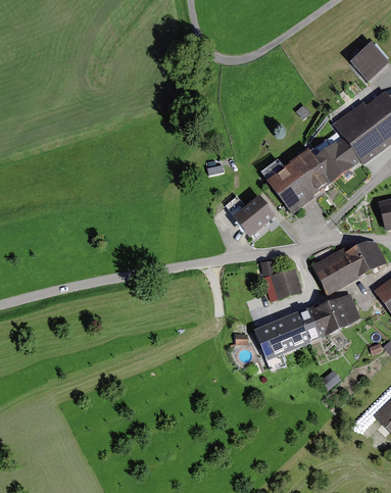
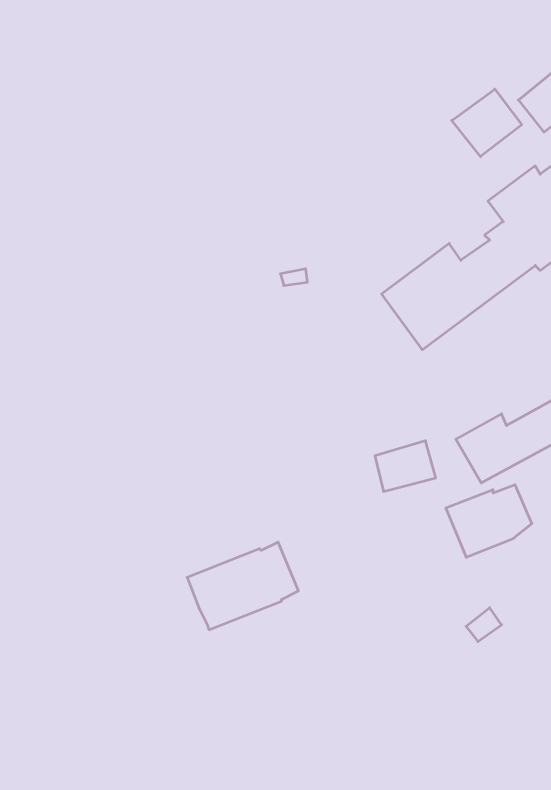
building: none -> [452,89,522,157]
building: [232,196,273,236] -> none
building: [251,308,319,361] -> [187,542,298,630]

